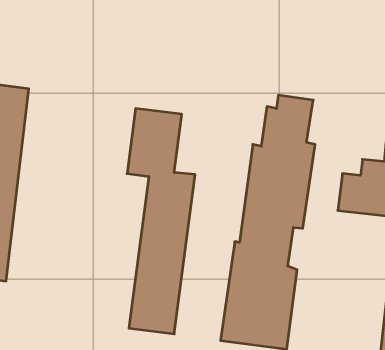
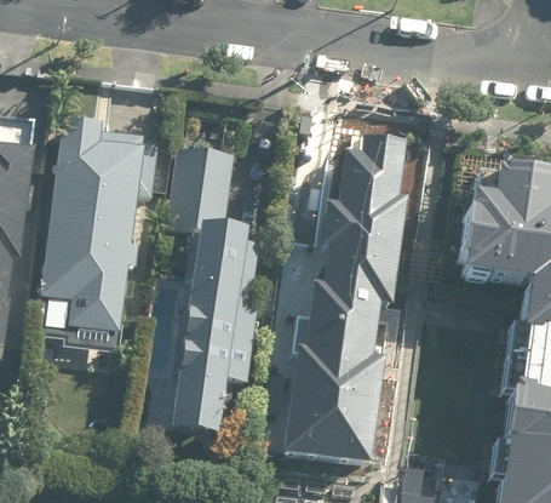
building: none -> [40,128,148,343]

